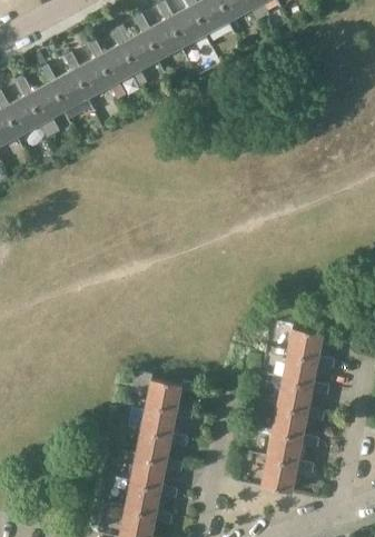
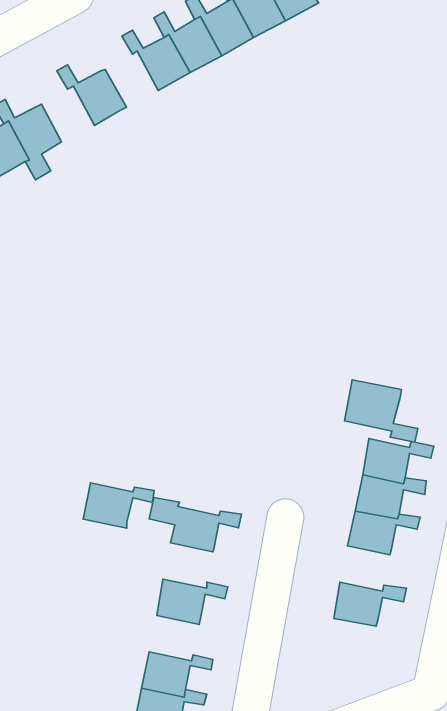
building: [87,40,137,99] -> none
building: [39,67,90,110] -> none
building: none -> [344,380,418,442]
building: [140,405,193,438] -> [83,483,154,528]
building: [270,407,324,440] -> none
building: [130,458,182,491] -> none
building: [260,460,314,494] -> none

